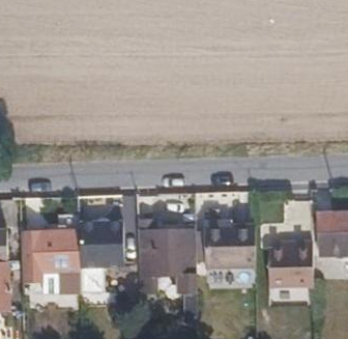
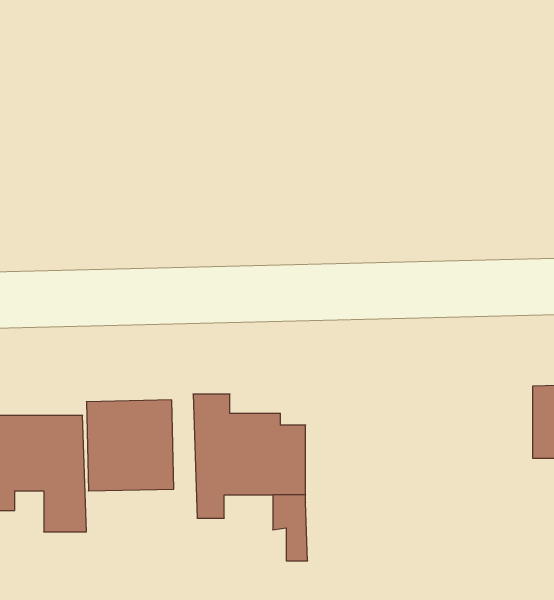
building: [202,223,253,264] -> none
building: [266,242,312,287] -> none

